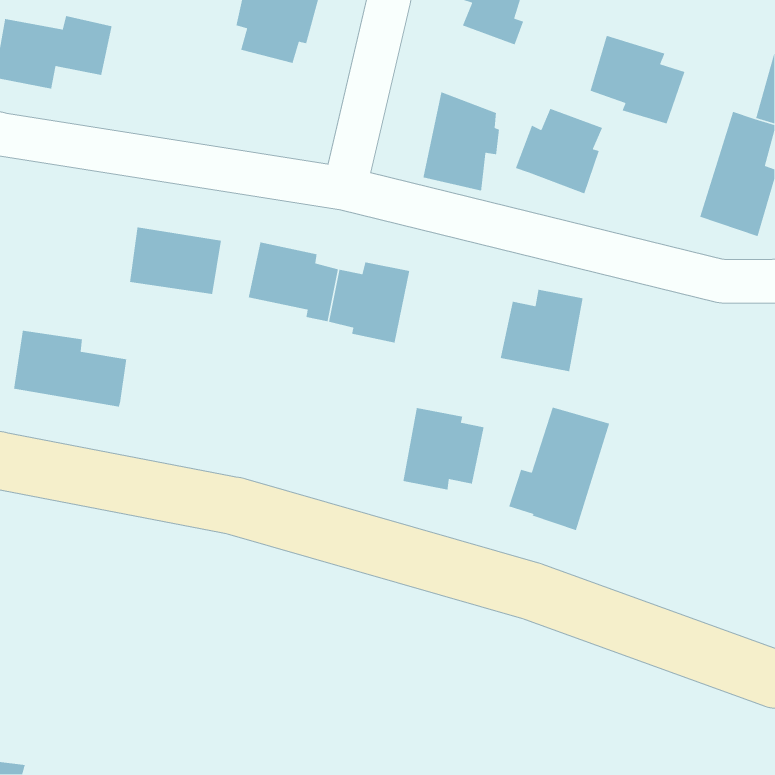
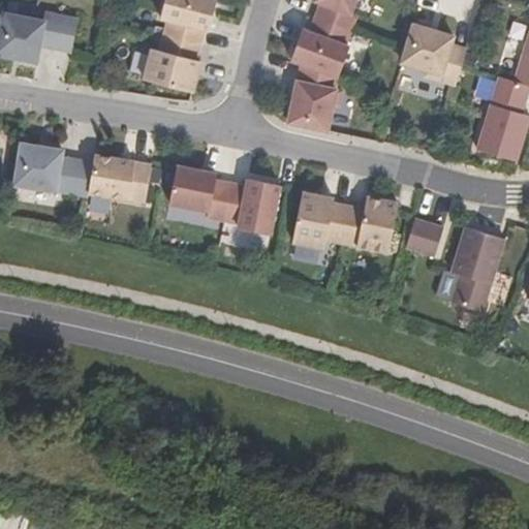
building: none -> [144,34,199,92]
building: [515,108,603,194] -> [290,18,350,76]
building: none -> [405,218,442,256]
building: [13,330,127,407] -> [14,143,92,195]
building: [508,407,610,531] -> [435,227,504,312]
building: [403,407,485,491] -> [292,191,348,248]

